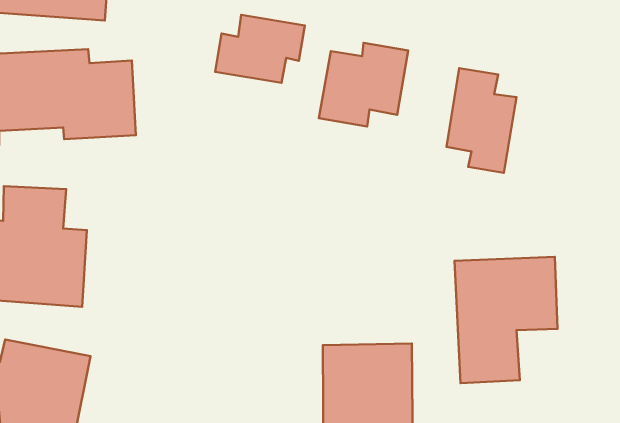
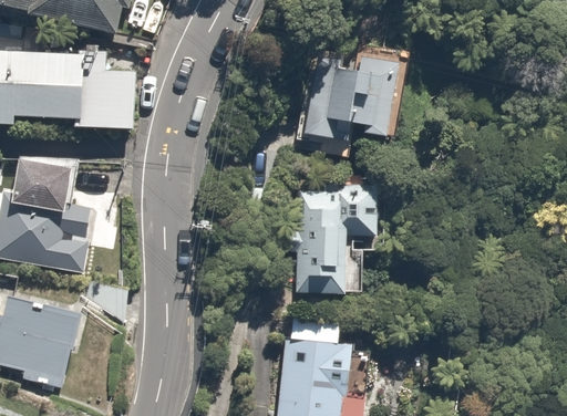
building: [215,15,305,83] -> none
building: [446,68,516,173] -> none
building: [455,257,558,383] -> [297,184,388,291]

